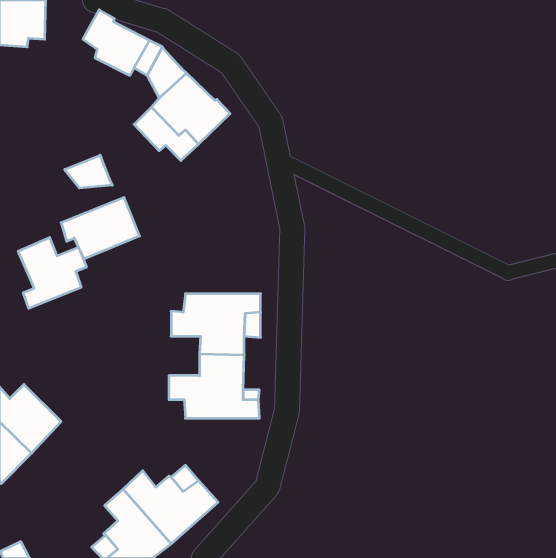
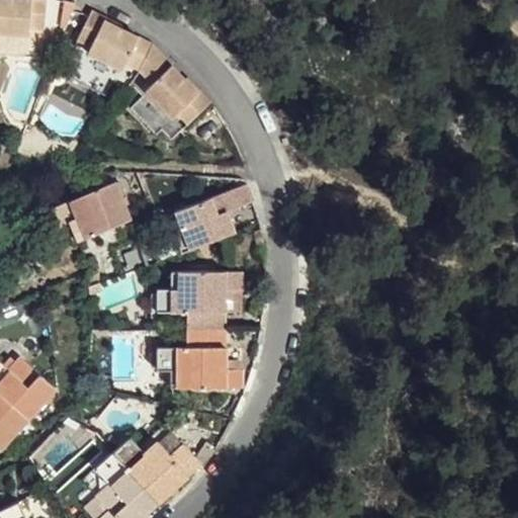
building: [65,155,112,188] -> none
building: none -> [174,183,254,252]
building: [18,237,86,308] -> none

